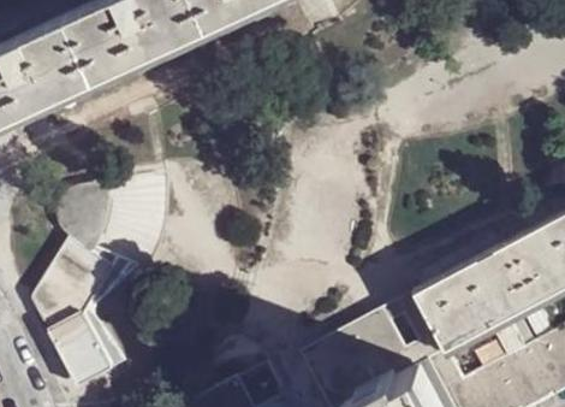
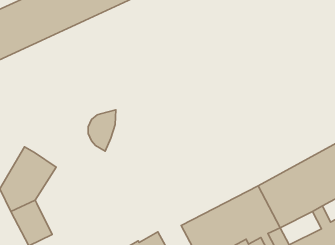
building: [61,187,102,248] -> [88,110,116,151]

